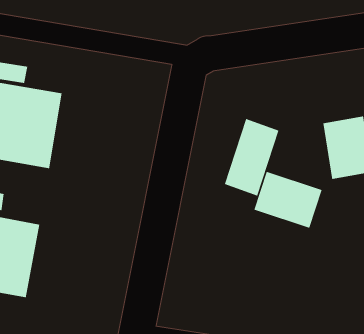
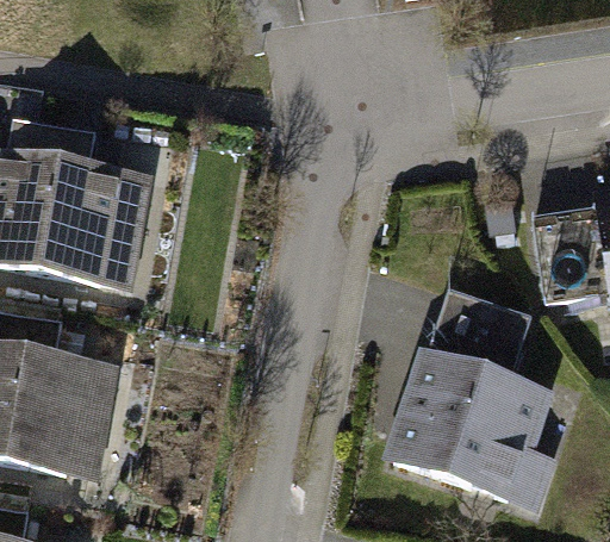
building: [224,118,279,196] -> none
building: none -> [386,354,554,506]

